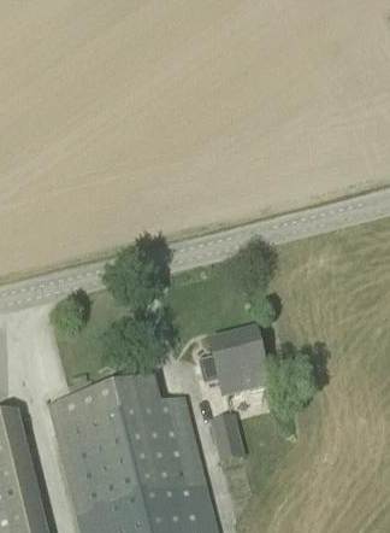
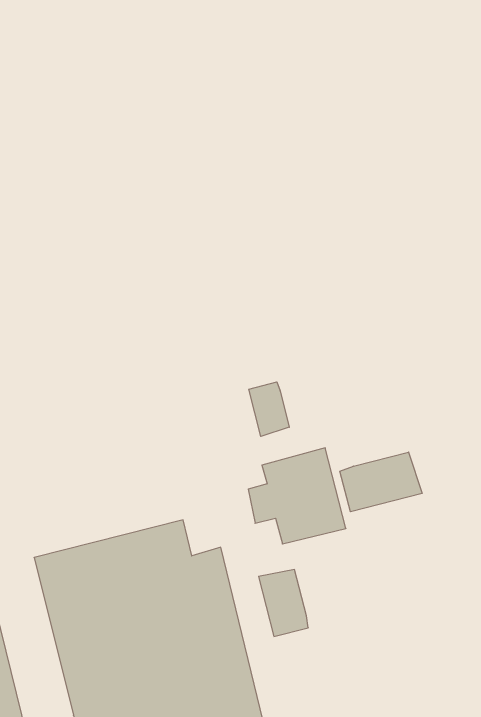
building: none -> [249,382,289,436]
building: none -> [340,452,422,512]

